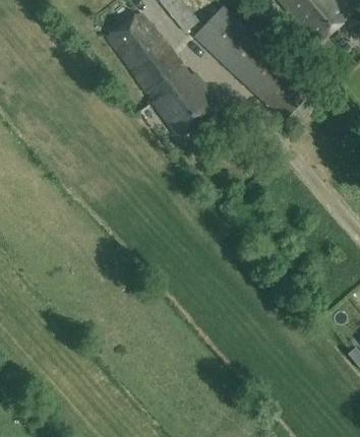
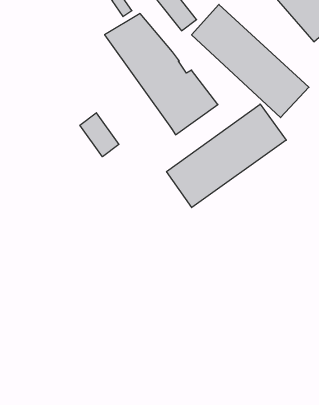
building: none -> [167,104,286,208]
building: none -> [80,113,119,157]

